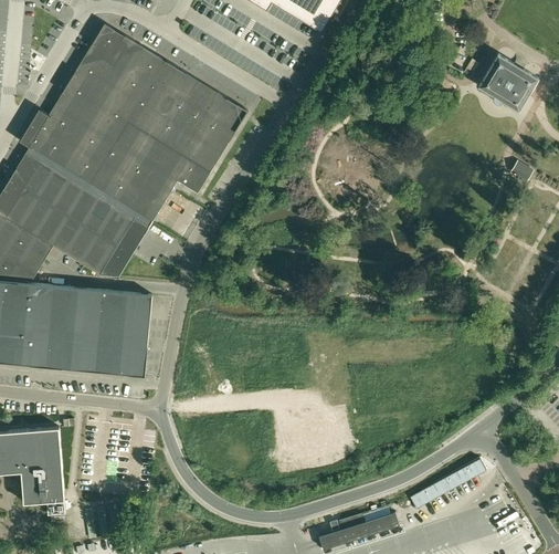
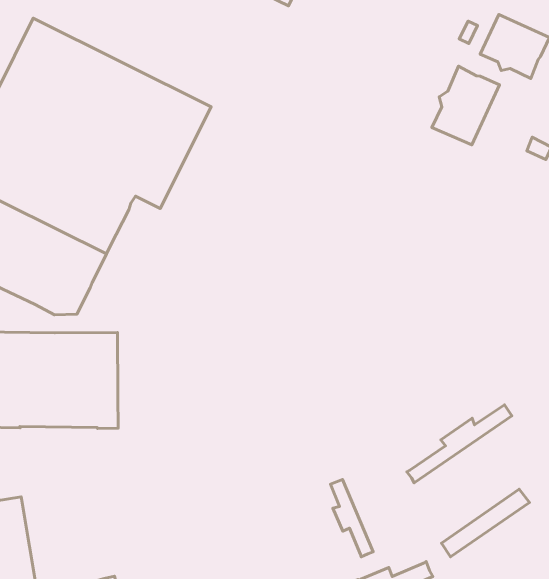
building: none -> [432,66,499,145]
building: none -> [407,405,512,483]
building: none -> [331,479,373,557]

